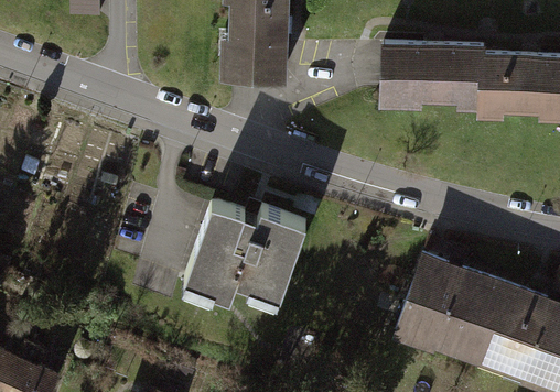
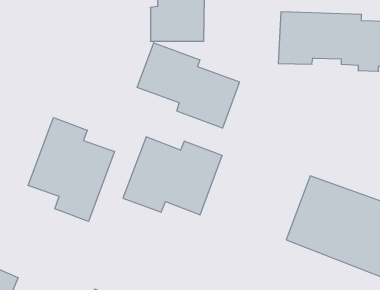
building: none -> [137,43,240,128]
building: none -> [28,118,114,221]

